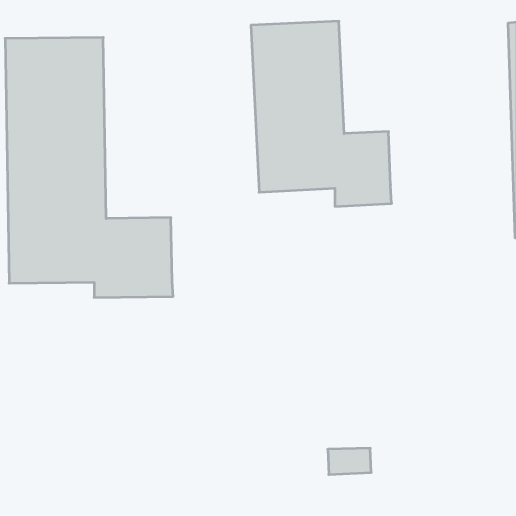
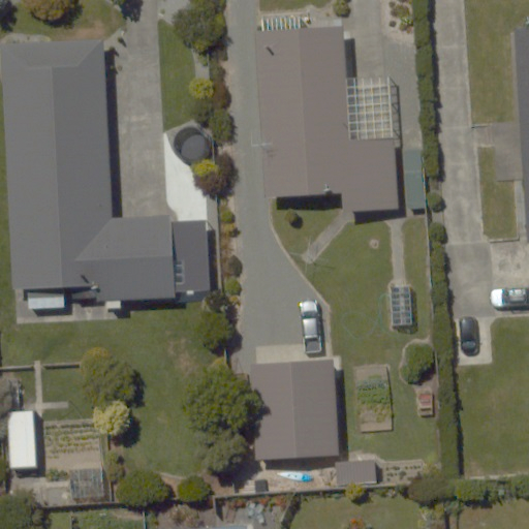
building: none -> [256,343,341,459]

